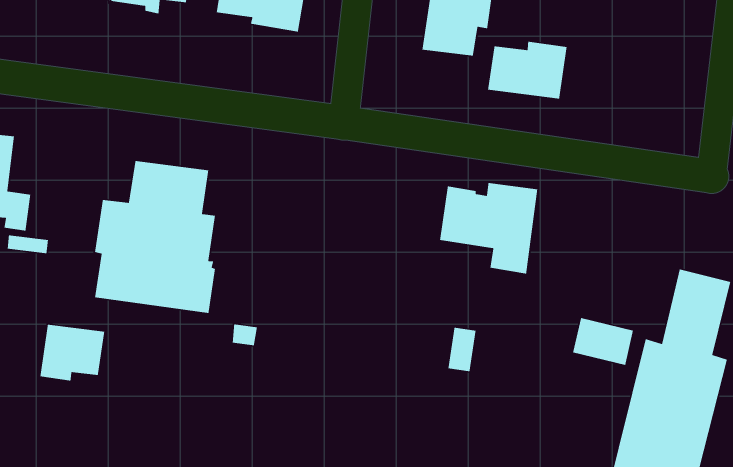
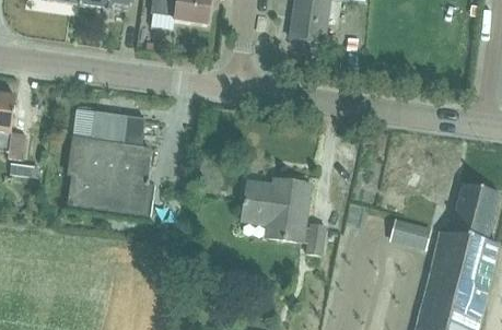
building: [487,41,568,99] -> none
building: [439,182,538,275] -> [242,179,308,241]
building: [39,324,105,381] -> none

